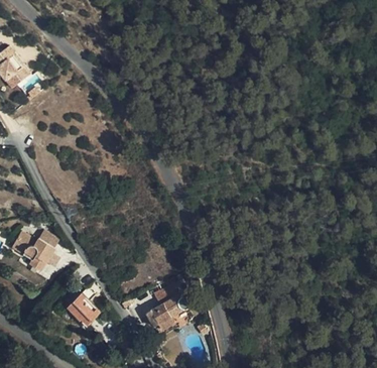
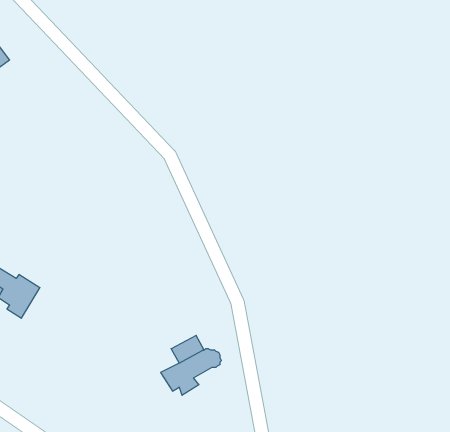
building: [68,288,100,326] -> none

